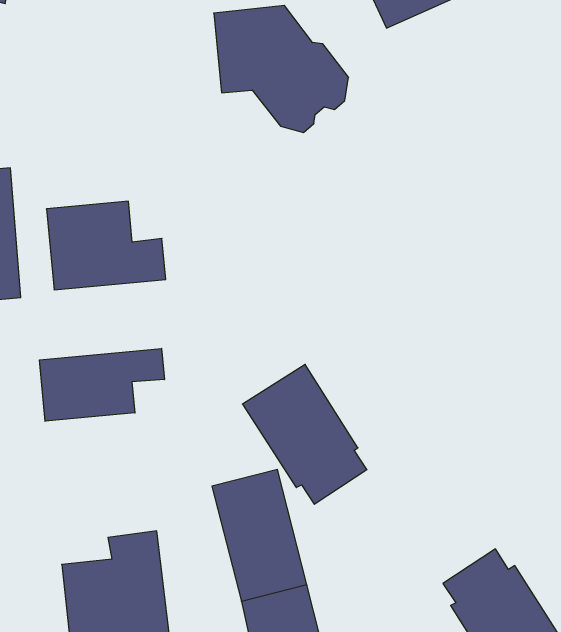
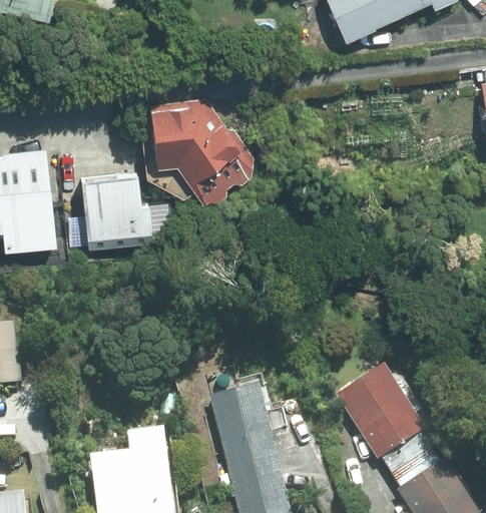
building: [214,5,349,132] -> [150,96,256,195]
building: [40,348,164,421] -> none
building: [242,364,367,504] -> [333,363,430,472]

